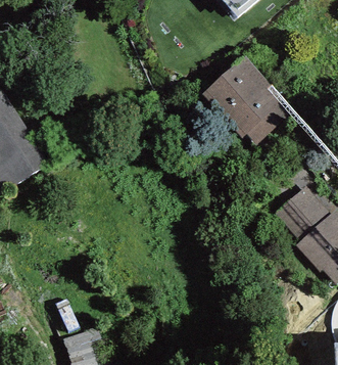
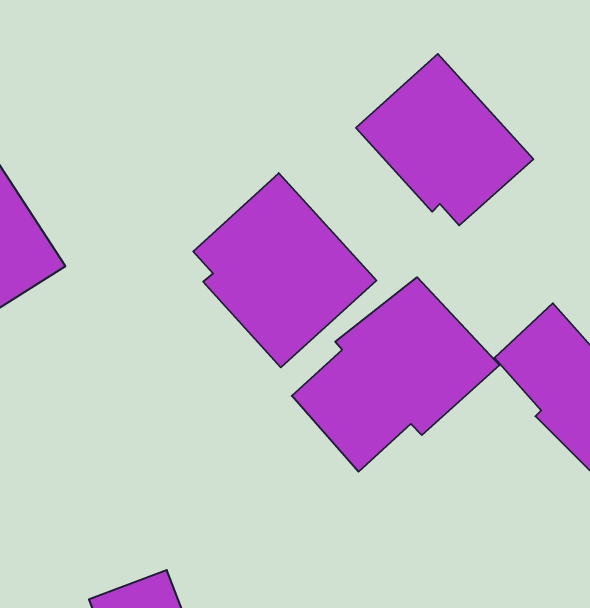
building: none -> [193,173,376,367]
building: none -> [292,277,499,472]

